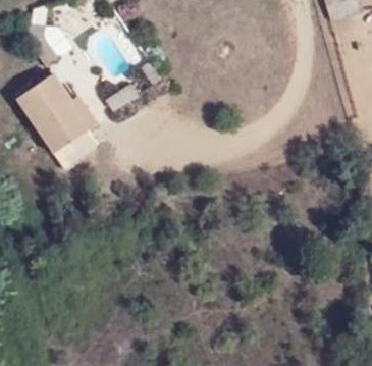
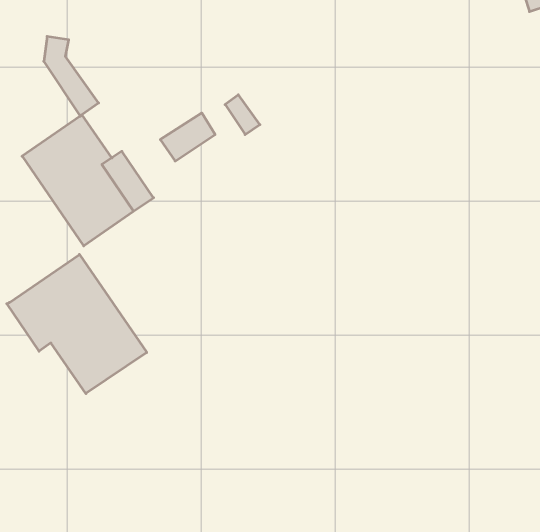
building: none -> [7,254,147,394]

